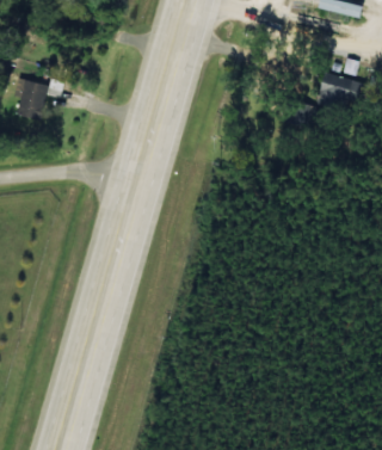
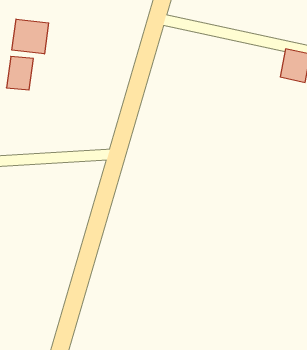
building: none -> [12,19,49,54]

